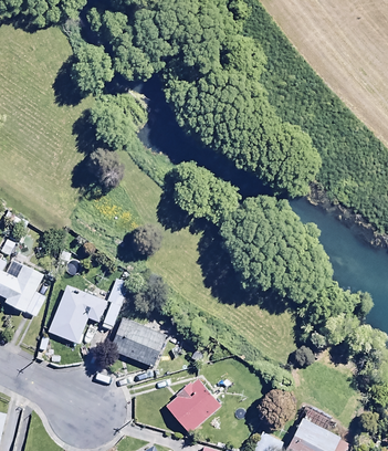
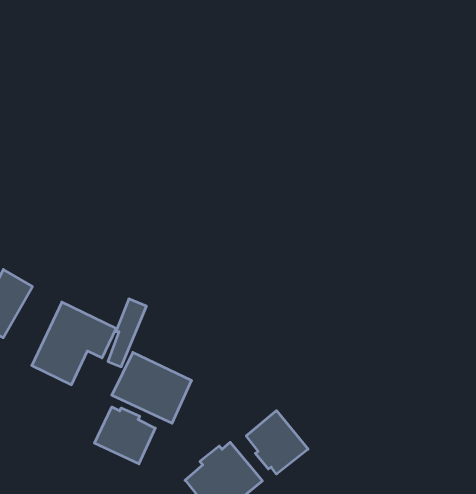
building: none -> [246,411,308,474]
building: none -> [94,407,155,464]

